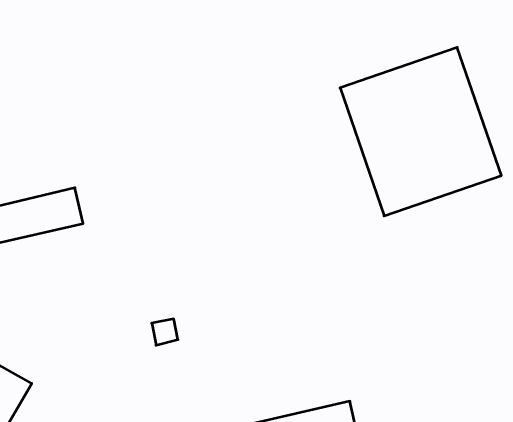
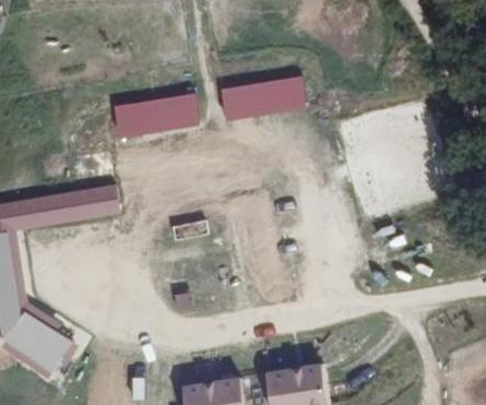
building: none -> [220,76,305,120]
building: none -> [115,93,198,136]

